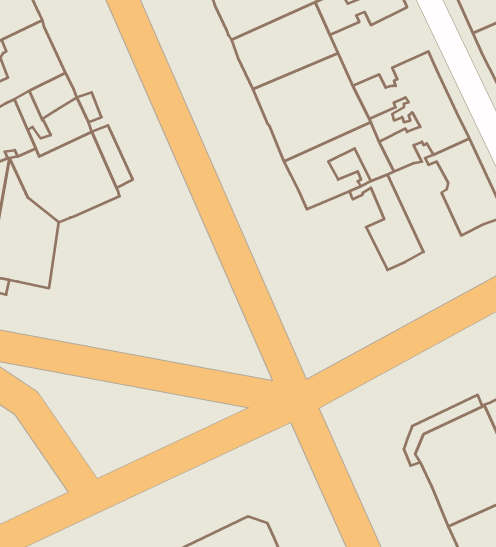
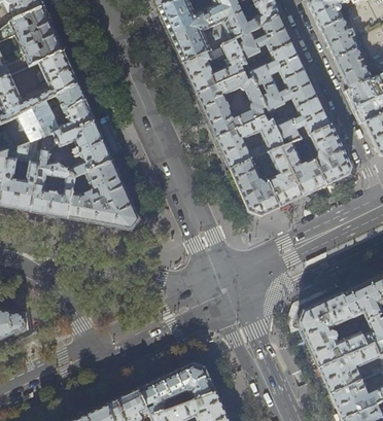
building: none -> [249,42,306,92]
building: none -> [280,140,326,196]
building: none -> [230,157,280,216]
building: none -> [68,161,139,230]

